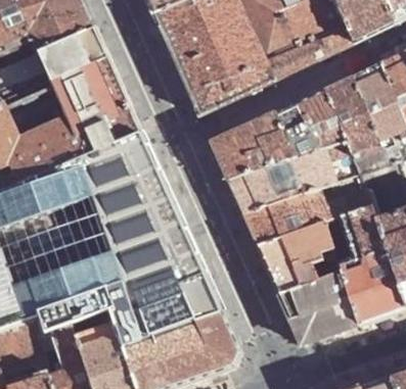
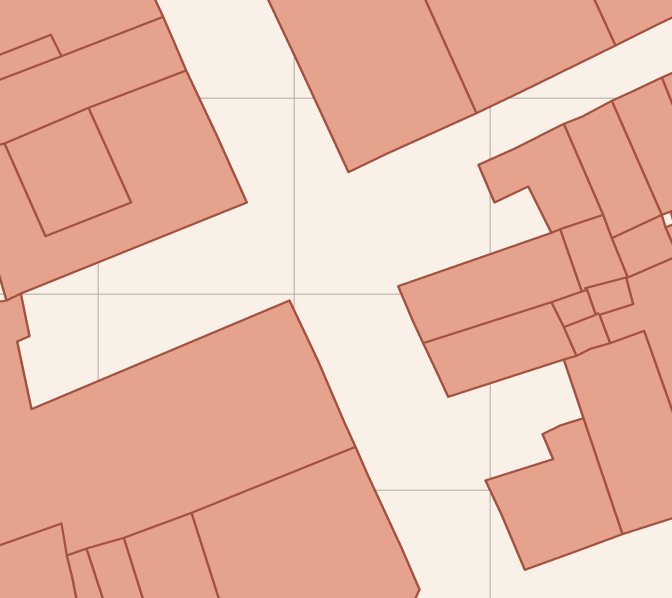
building: [211,111,317,181] -> none
building: [10,133,167,251] -> none
building: [258,223,335,292] -> none

